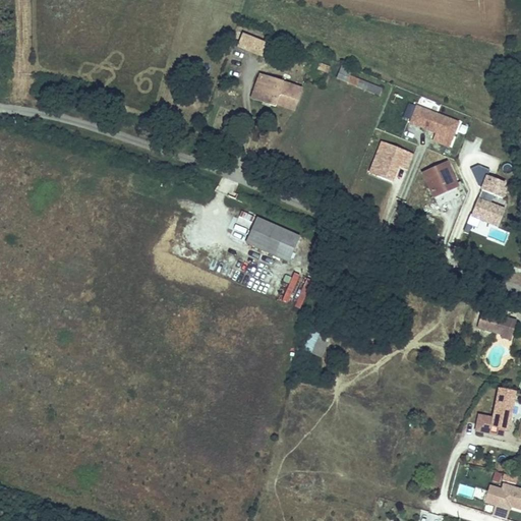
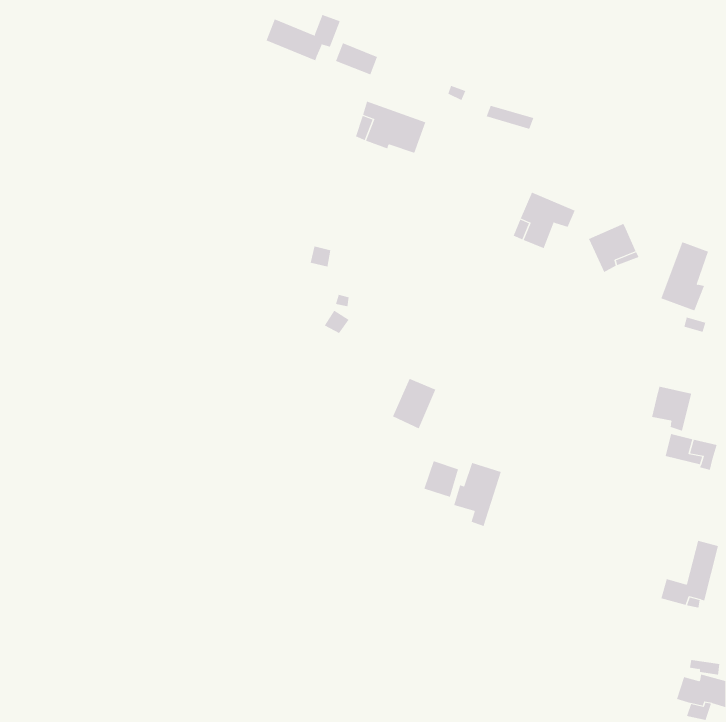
building: none -> [266,14,340,61]
building: [409,102,457,142] -> none
building: [245,222,298,265] -> none
building: none -> [651,386,692,432]
building: none -> [453,462,501,527]

